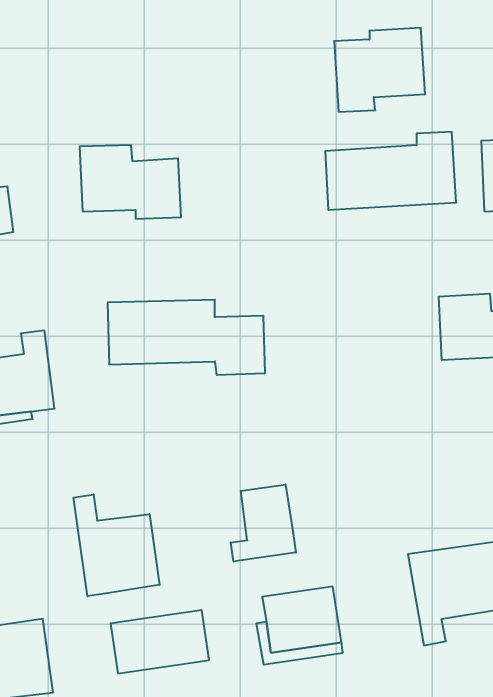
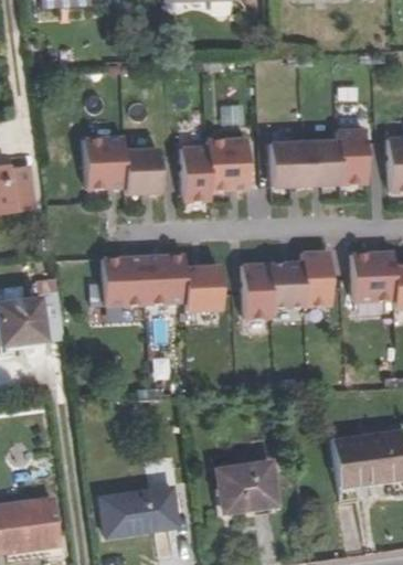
building: [334,28,425,112] -> [180,140,248,203]
building: none -> [243,252,333,319]
building: [231,484,296,562] -> none
building: [73,494,160,596] -> none

